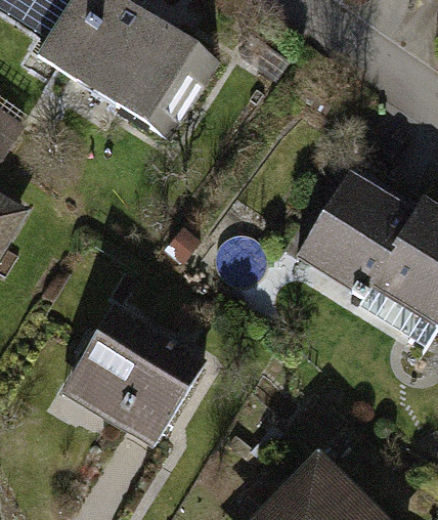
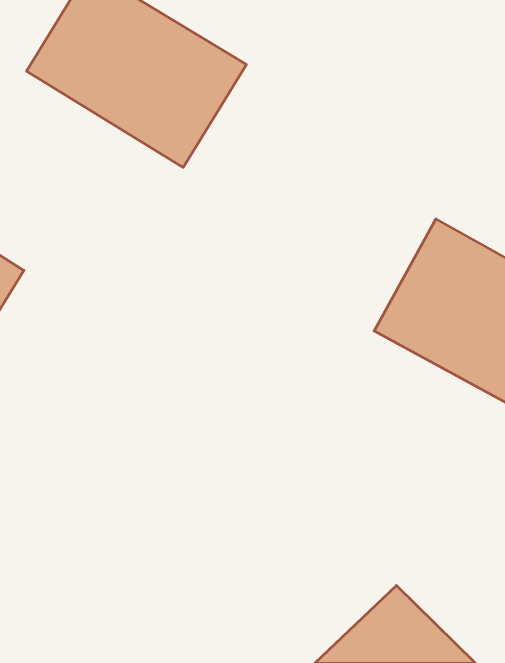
building: [57,309,208,451] -> none

